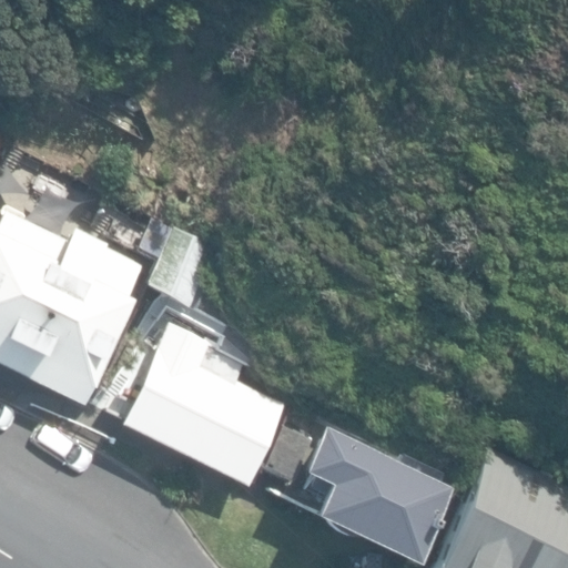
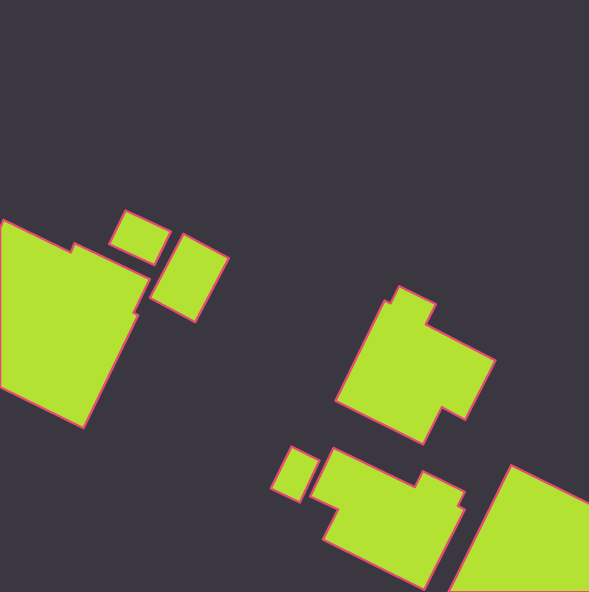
building: none -> [335,286,496,445]
building: [120,323,293,489] -> none

